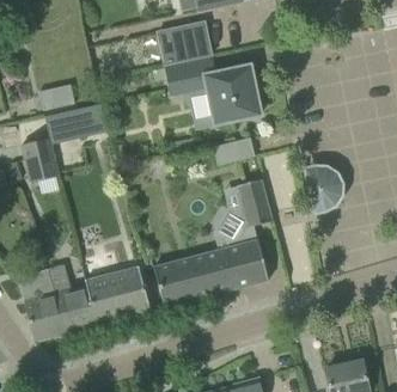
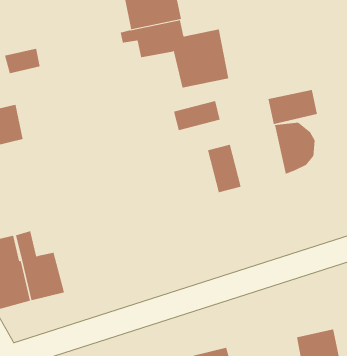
building: [45,105,108,145] -> none
building: none -> [268,89,318,125]
building: [153,240,268,307] -> none
building: [86,267,149,325] -> none

